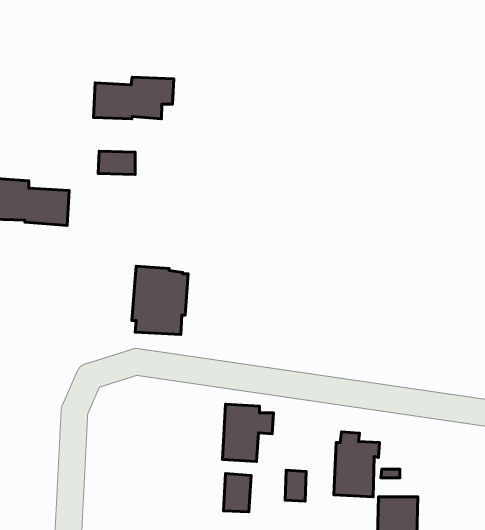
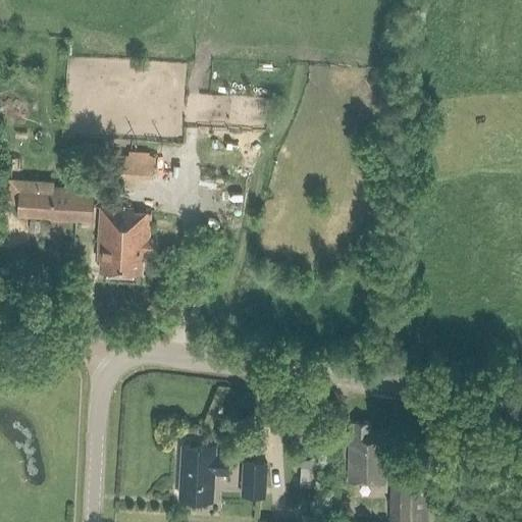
building: [94,77,174,119] -> none
building: [132,266,188,334] -> [96,210,150,275]
building: [222,404,273,462] -> [179,448,228,503]

